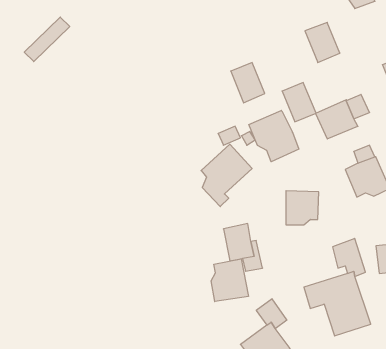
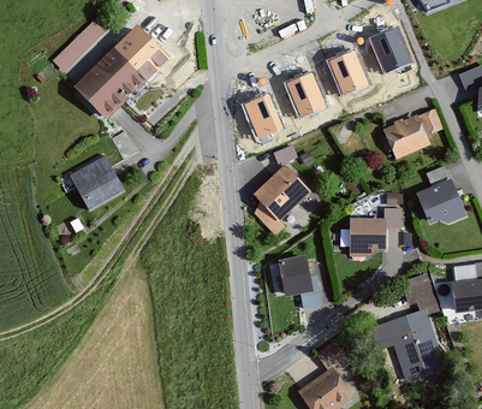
building: none -> [72,25,166,121]
building: none -> [243,93,282,138]
building: [282,83,316,122] -> [329,51,368,95]
building: [249,110,299,162] -> none
building: none -> [69,155,124,211]
building: [211,259,248,302] -> none

